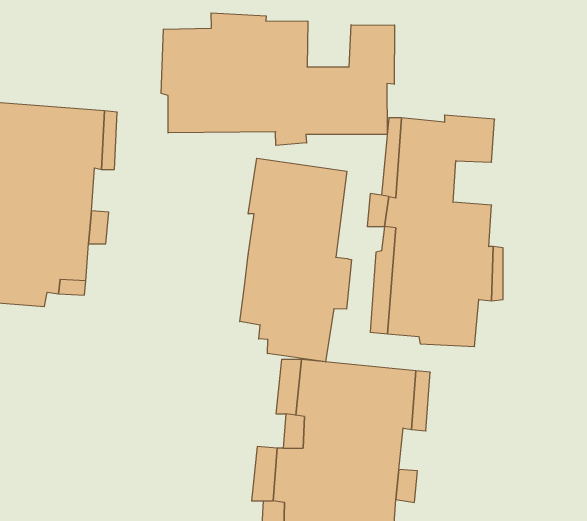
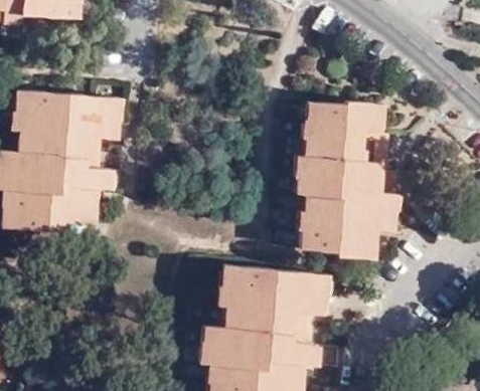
building: [161,13,395,145] -> none
building: [240,158,352,362] -> none
building: none -> [350,123,383,154]

